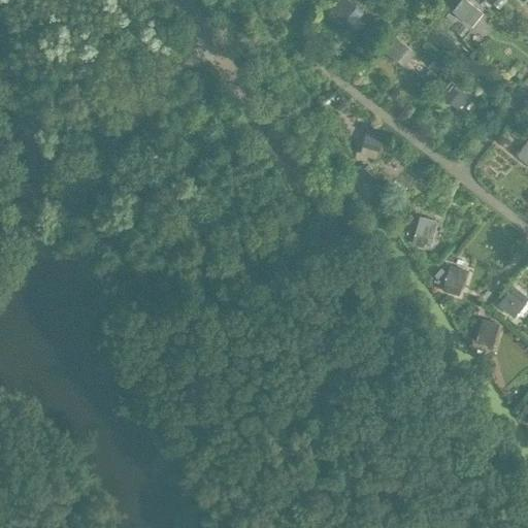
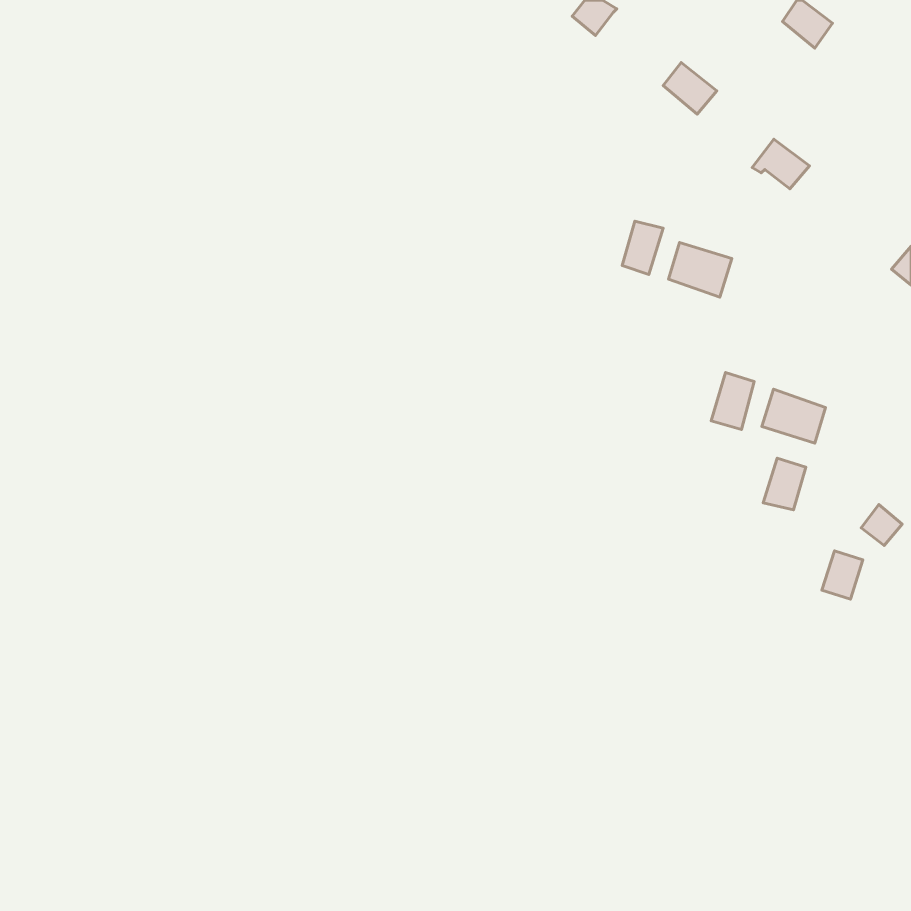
building: none -> [669,242,732,297]
building: none -> [762,389,825,443]

